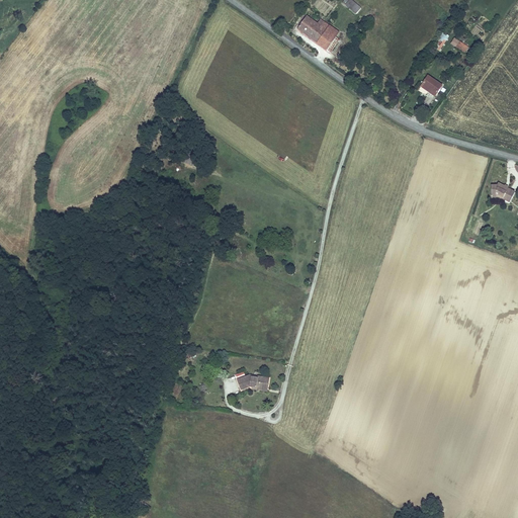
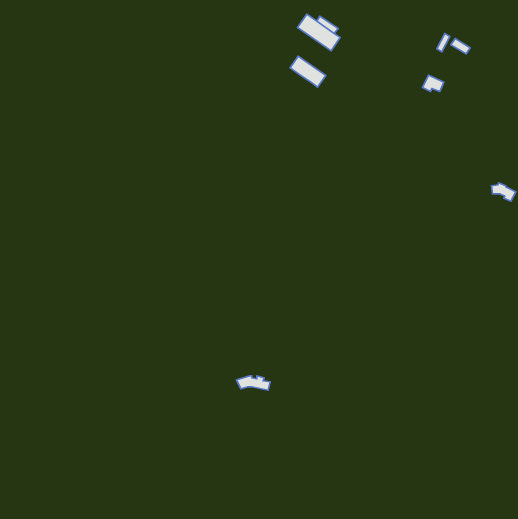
building: none -> [290,56,326,87]

